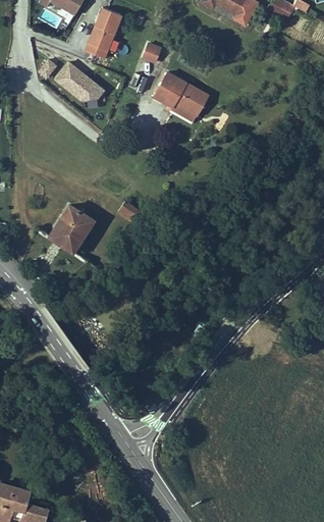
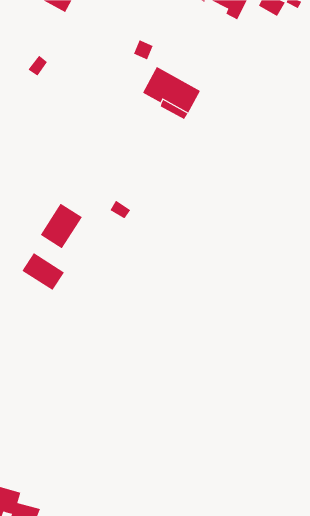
building: [84,8,120,59] -> none
building: [52,60,104,102] -> none
building: none -> [22,252,65,291]

